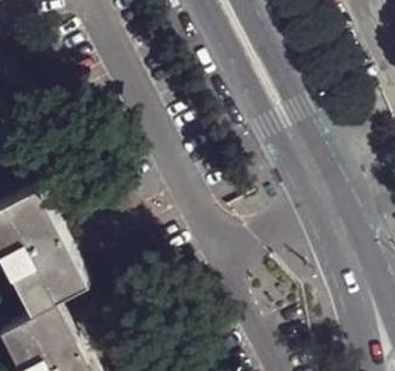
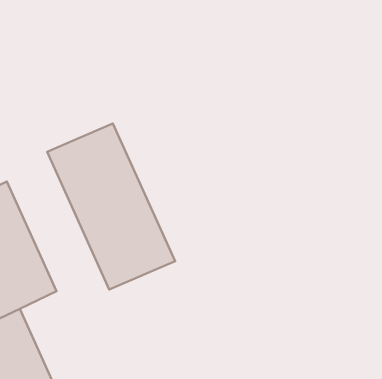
building: none -> [47,124,175,289]

